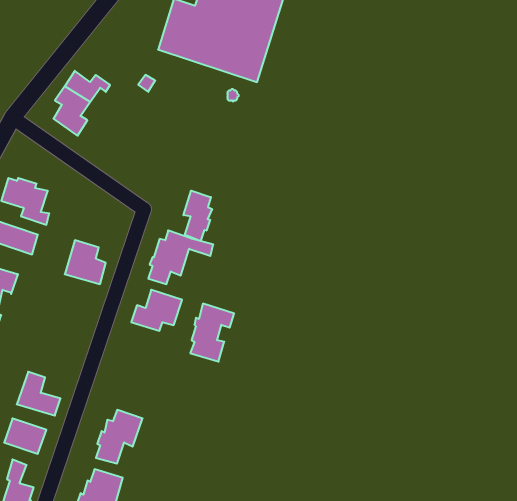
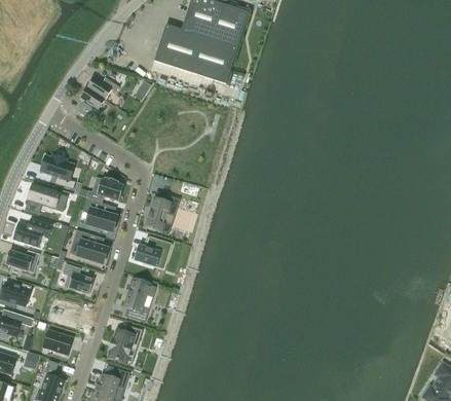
building: [183,191,212,241] -> none
building: none -> [86,178,124,203]
building: none -> [70,230,107,264]
building: [190,304,234,362] -> [124,280,156,322]
building: none -> [63,264,93,294]

